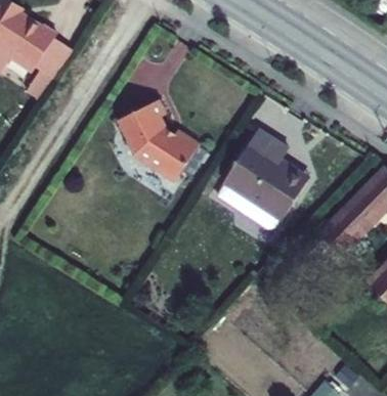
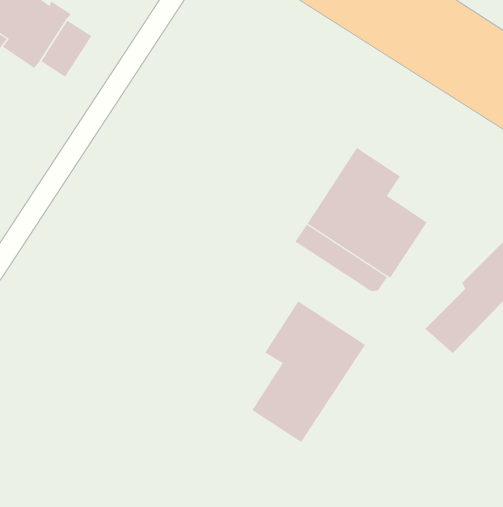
building: [117,100,201,181] -> none
building: none -> [251,300,366,443]

